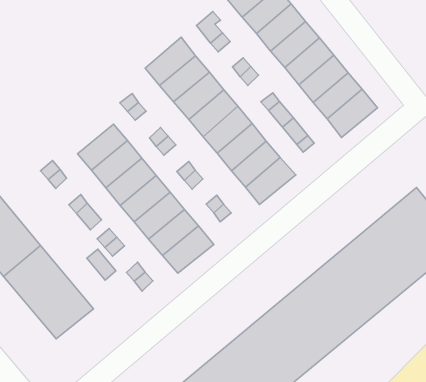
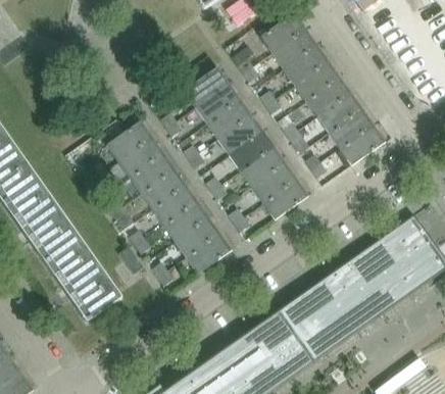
building: none -> [108,121,153,161]

